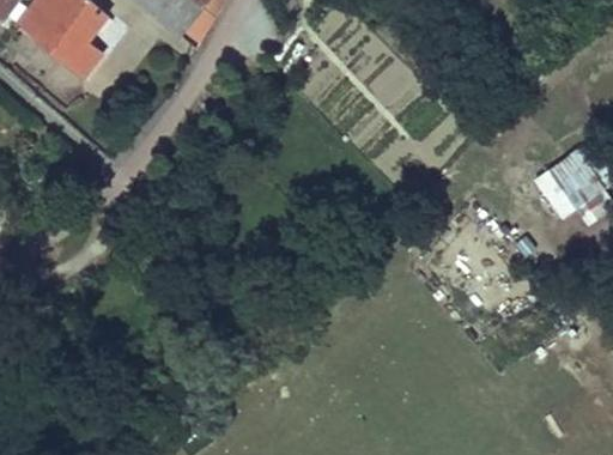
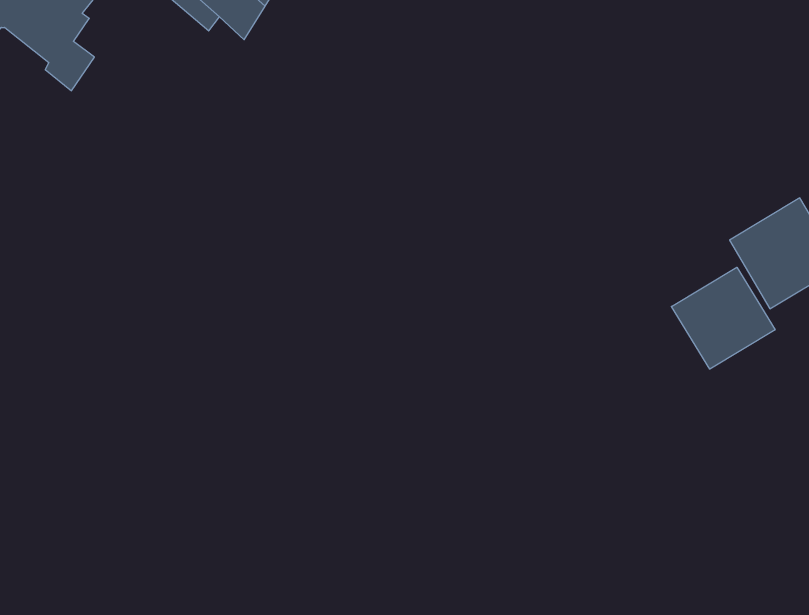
building: none -> [671,267,775,369]

